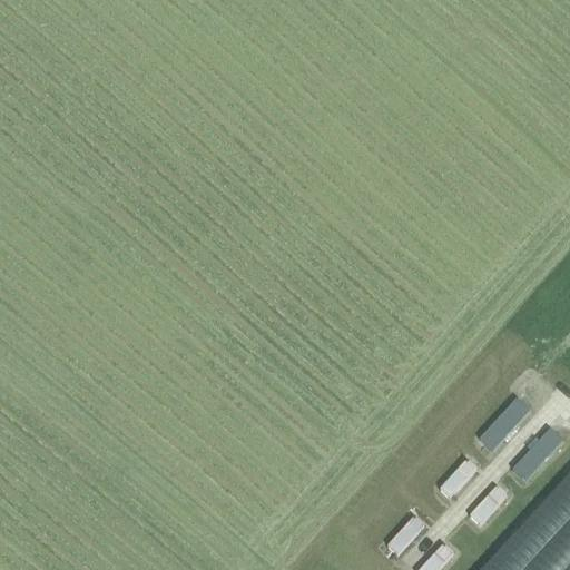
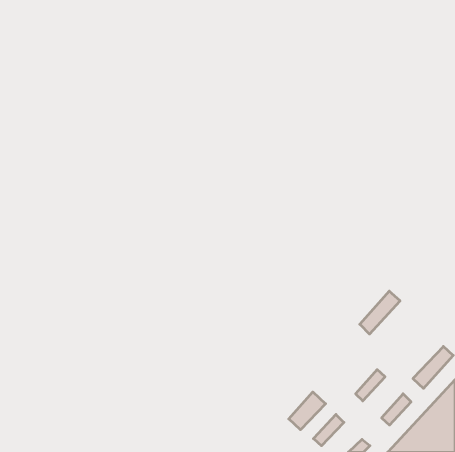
building: [481,400,531,453] -> [360,291,400,334]
building: none -> [289,392,326,430]

